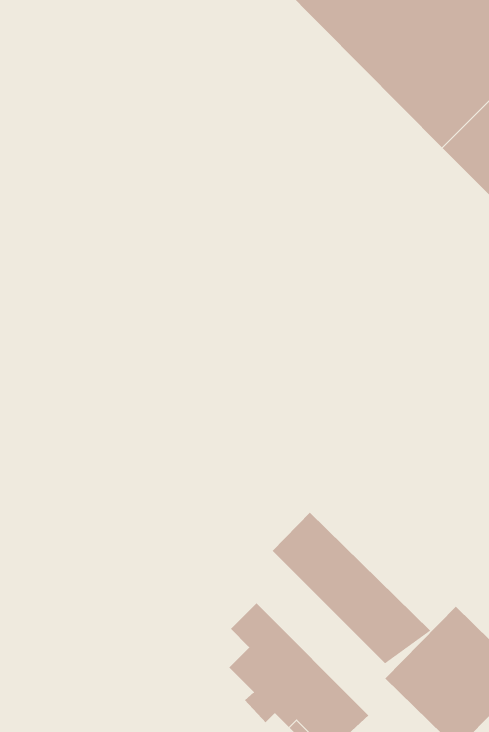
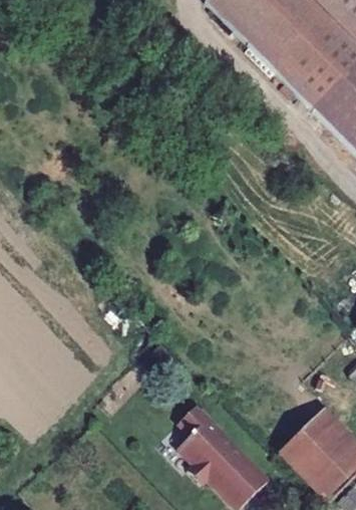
building: [272,512,431,664] -> none

